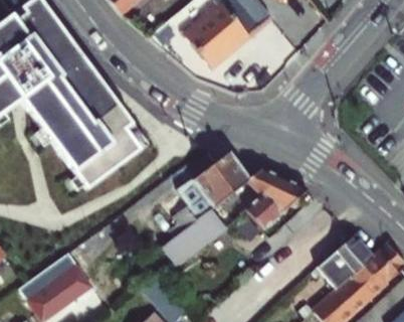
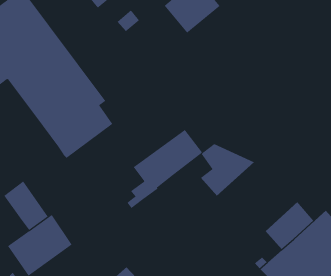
building: [181,14,227,62] -> none
building: [146,206,228,280] -> none
building: none -> [4,181,49,231]

